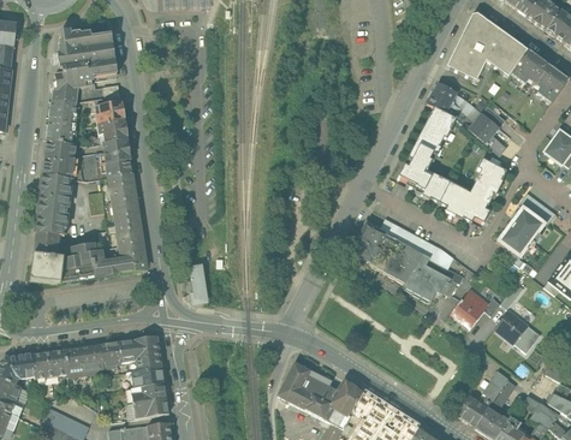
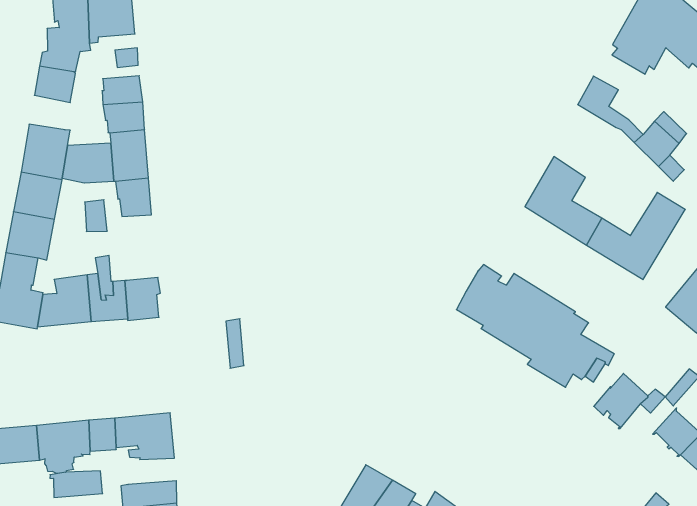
building: [414,106,456,154] -> none
building: [47,120,75,143] -> none
building: [115,198,143,245] -> none
building: [127,367,165,387] -> [50,471,103,497]

